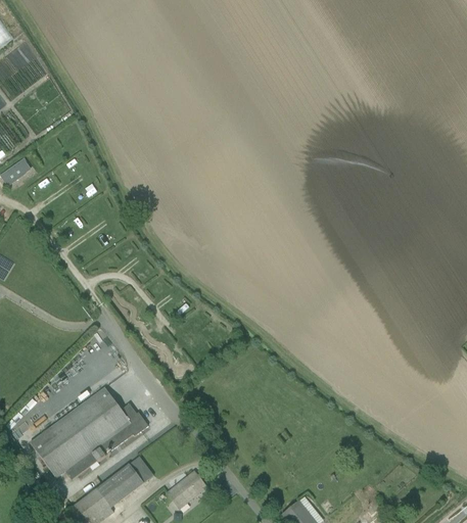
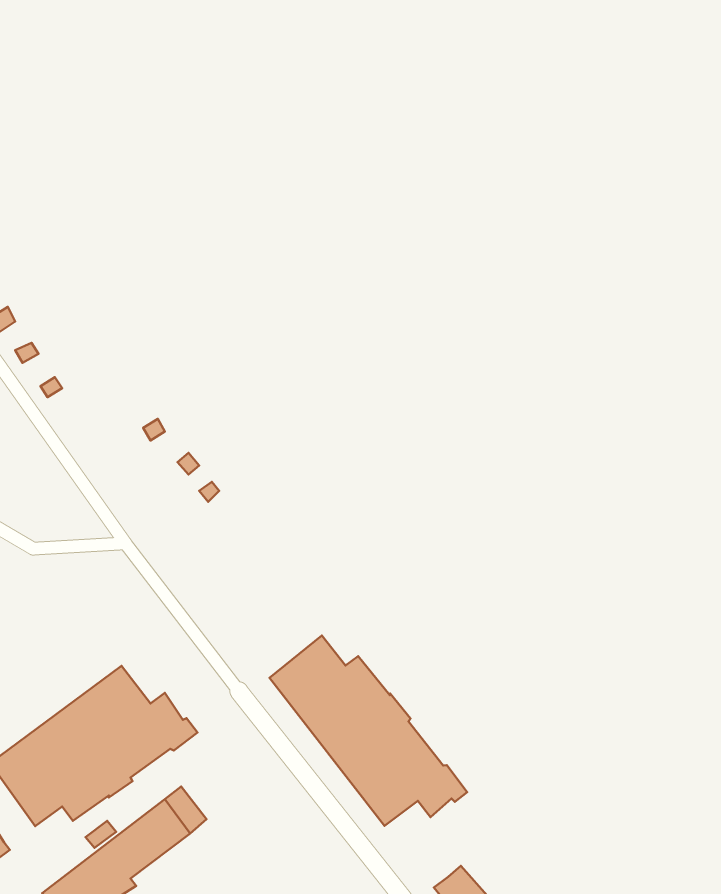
building: none -> [270,635,467,826]
building: [166,471,205,508] -> none

